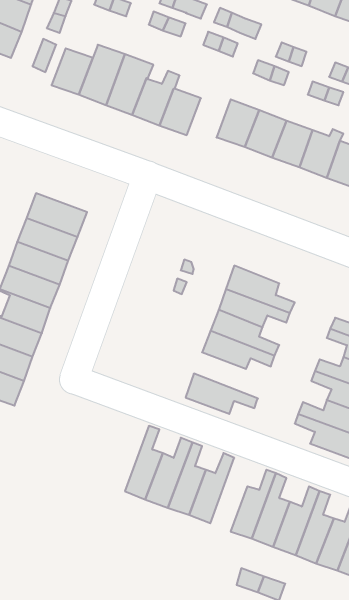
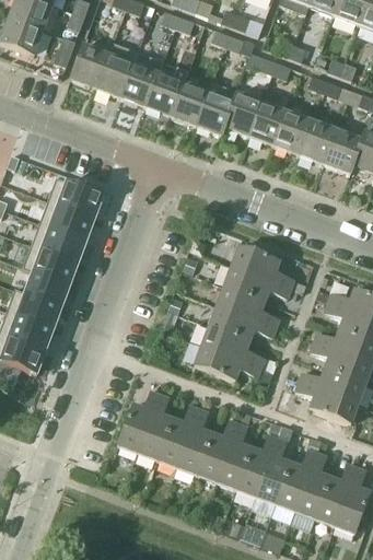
building: none -> [196,83,236,135]
building: none -> [202,325,265,368]
building: none -> [118,389,161,453]
building: none -> [218,422,252,490]

